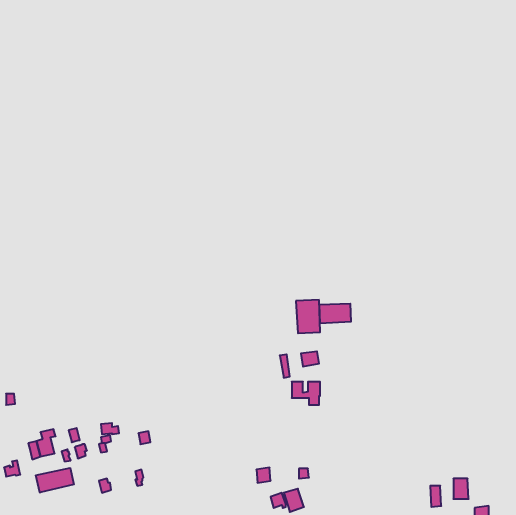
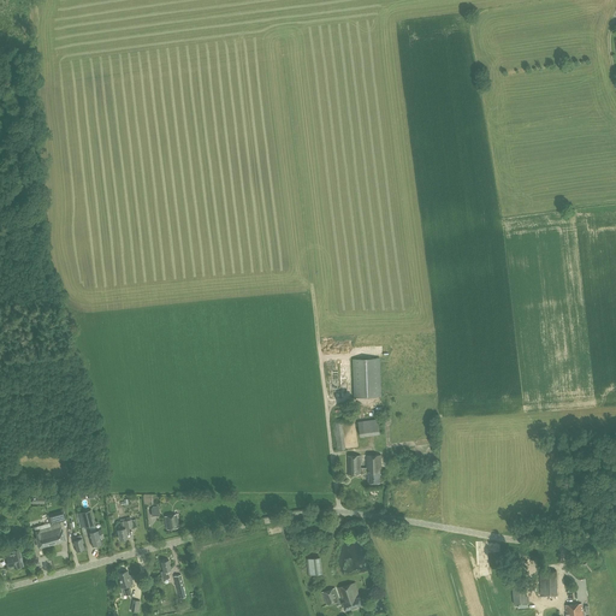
building: [319,304,351,323] -> none
building: [36,468,74,493] -> none

